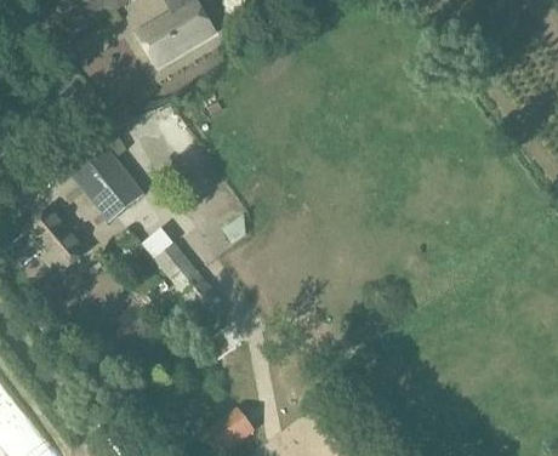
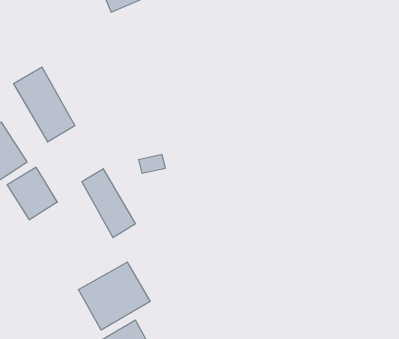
building: none -> [7,167,57,220]
building: none -> [78,262,150,330]

